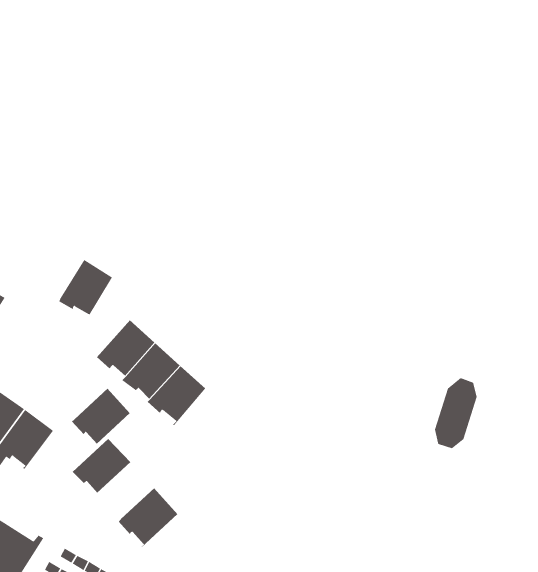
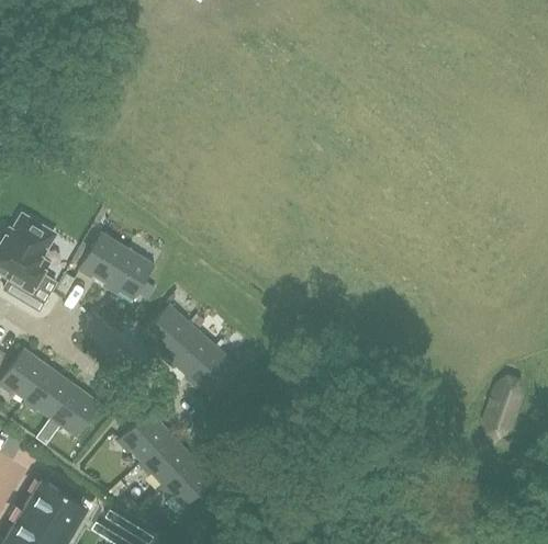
building: none -> [76,231,126,282]
building: [434,378,478,449] -> [484,376,524,441]
building: [71,388,131,445] -> [136,431,190,483]

